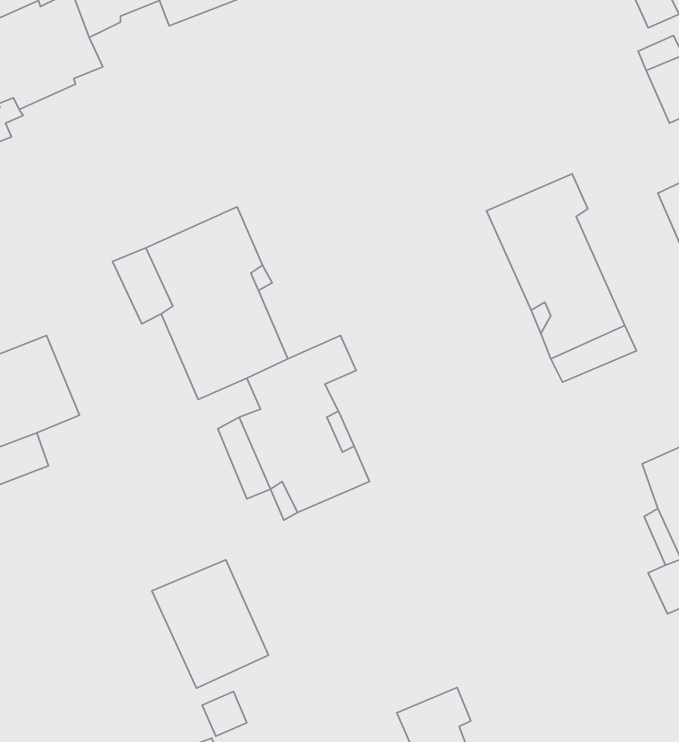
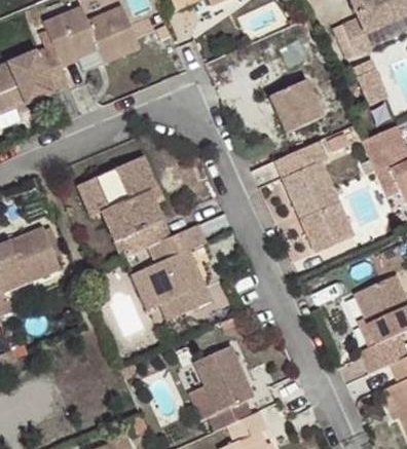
building: none -> [266,76,322,129]
building: [152,560,269,688] -> [191,343,253,411]

